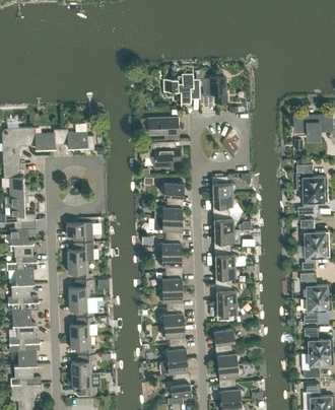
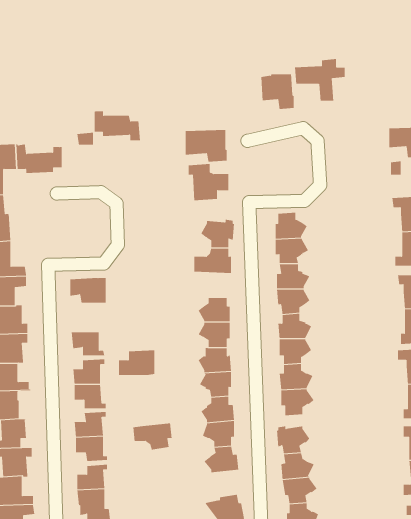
building: [162,73,199,104] -> [294,59,345,101]
building: [61,129,94,150] -> [94,111,141,141]
building: [153,218,182,236] -> none
building: [67,243,93,261] -> [118,350,155,376]
building: [159,359,188,379] -> [133,423,172,450]

